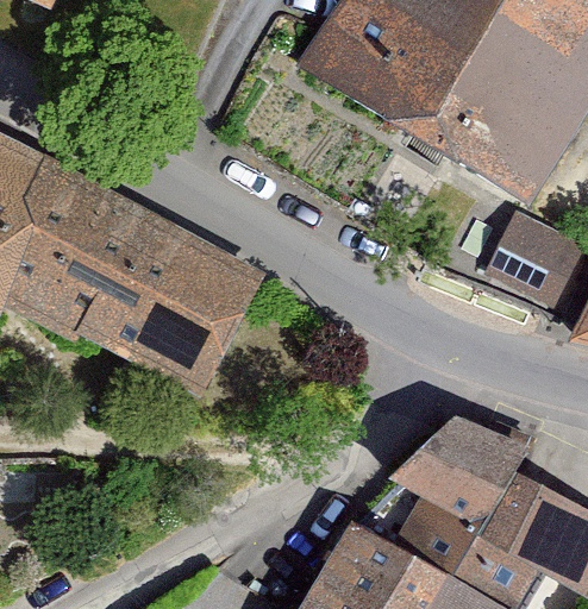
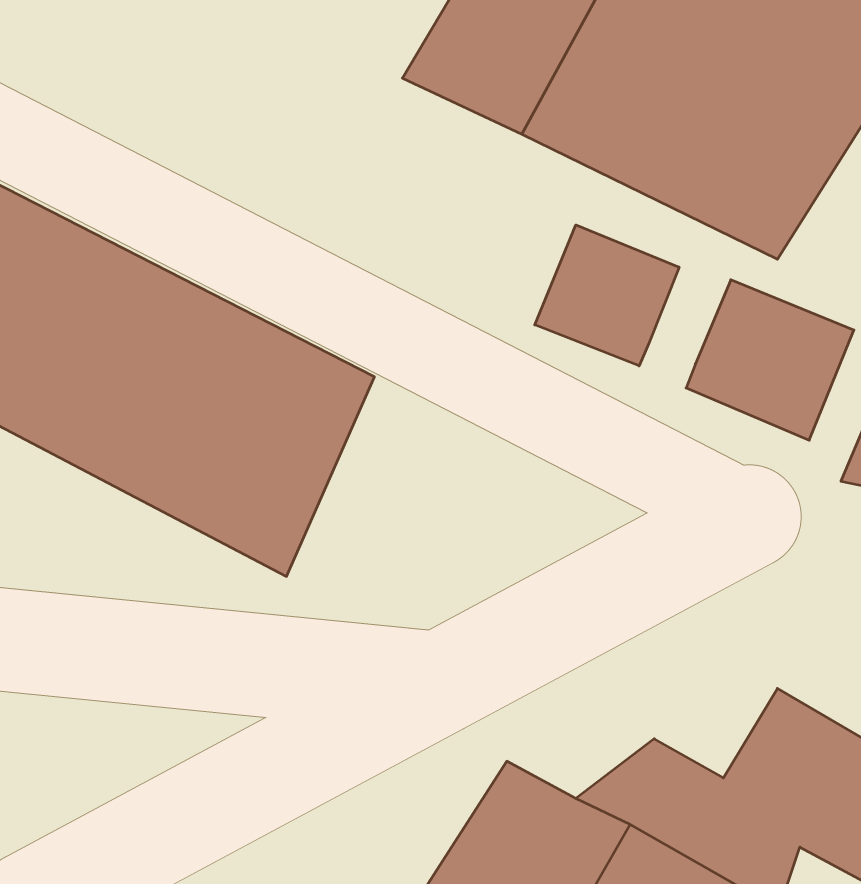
building: none -> [535,225,679,366]
building: [392,414,540,528] -> none

